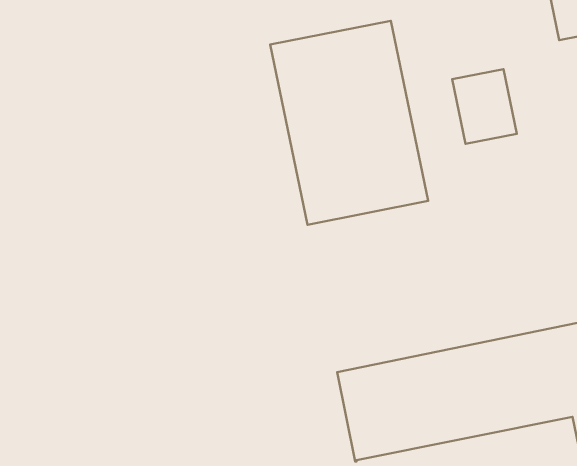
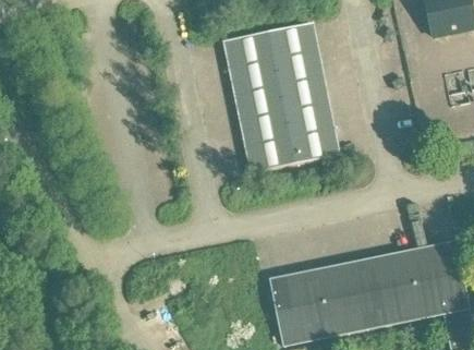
building: [452,69,517,144] -> none

